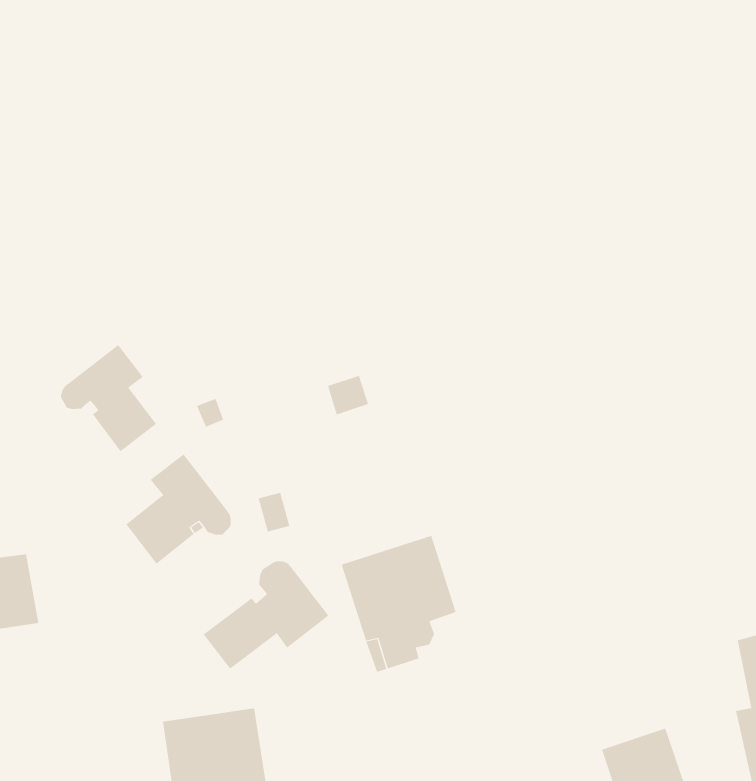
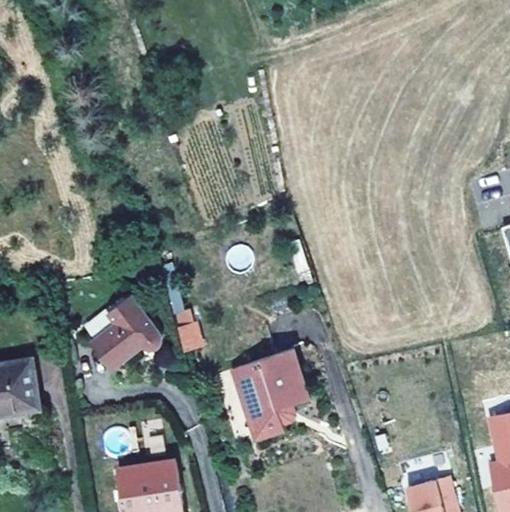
building: [60,344,157,452] -> none
building: [203,560,329,670] -> none

